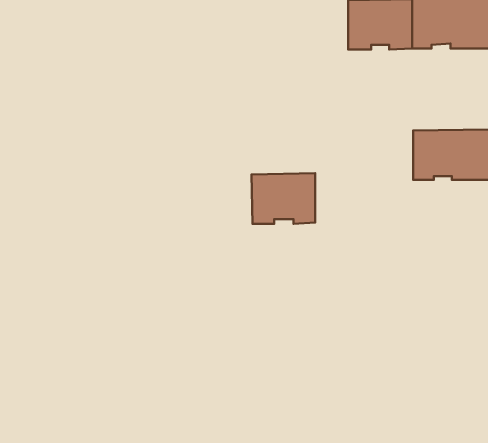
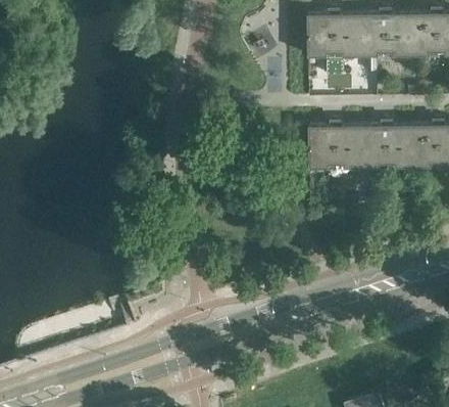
building: [251,173,315,224] -> [309,125,363,168]

